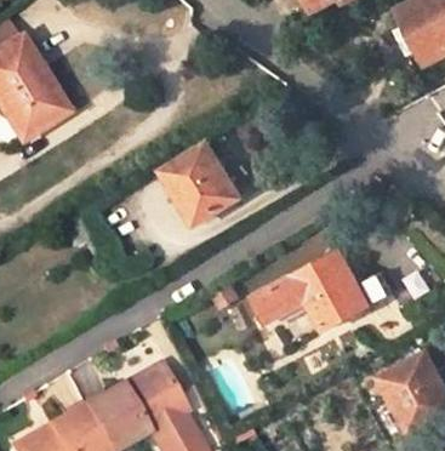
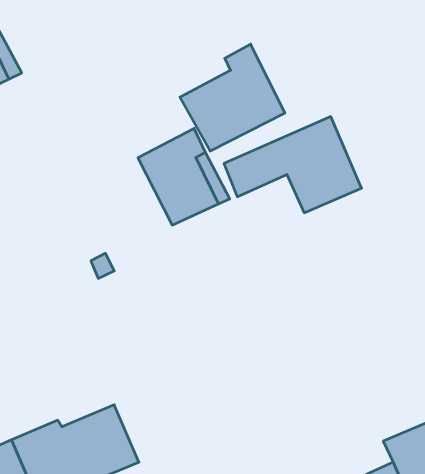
building: none -> [180,44,285,151]
building: [255,250,366,329] -> [224,117,362,213]

